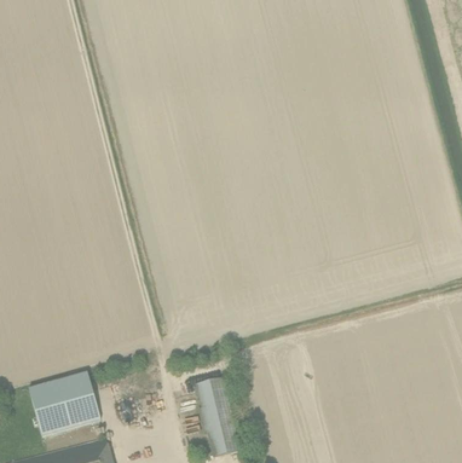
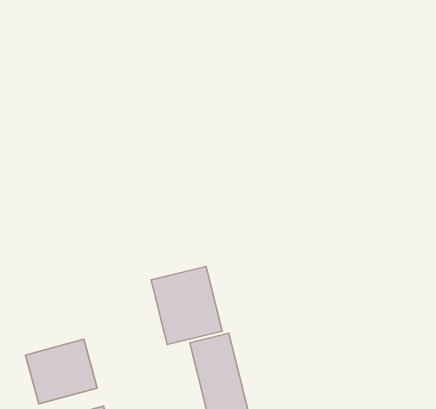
building: none -> [151,266,222,344]

